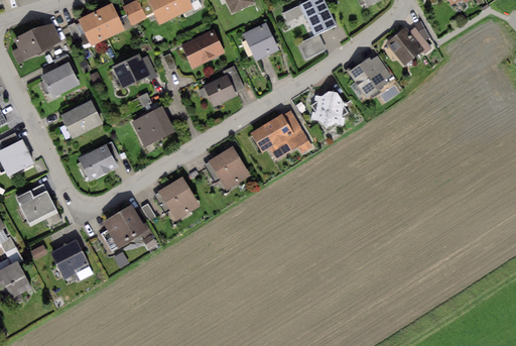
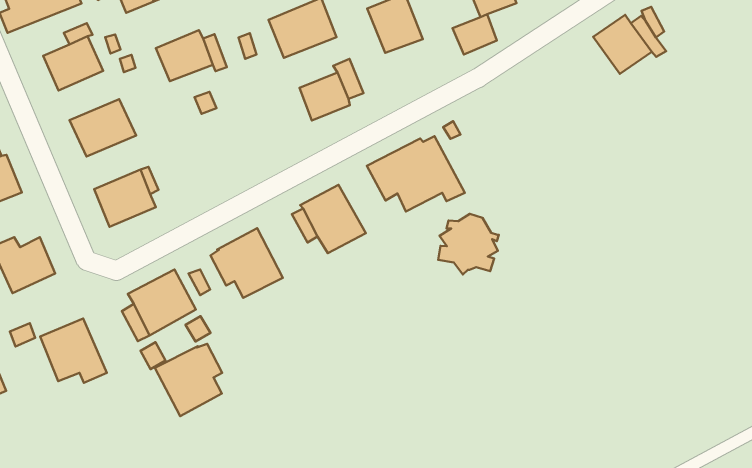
building: [348,55,390,98] -> none
building: [309,90,347,128] -> [438,214,499,274]
building: [131,106,173,146] -> none
building: none -> [155,344,222,416]

